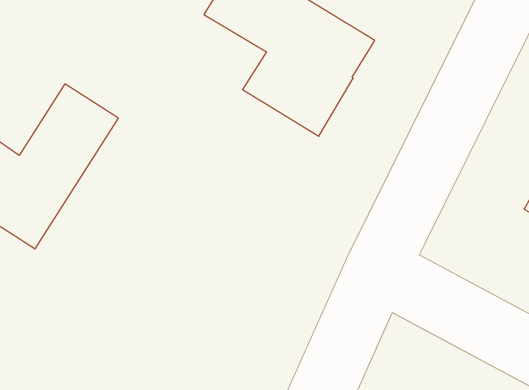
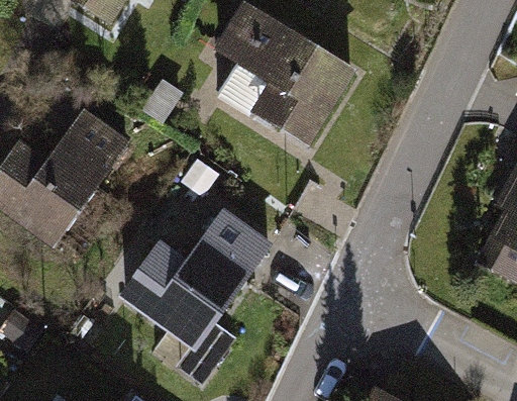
building: none -> [109,206,272,353]

